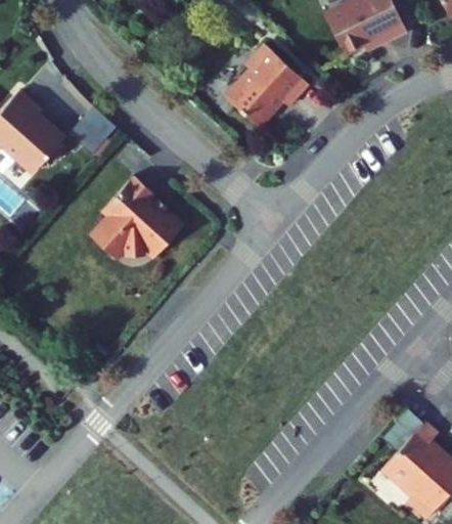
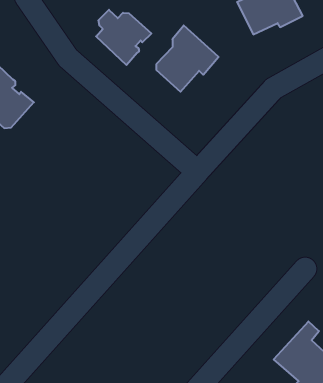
building: none -> [96,10,151,65]
building: [90,164,183,247] -> none

